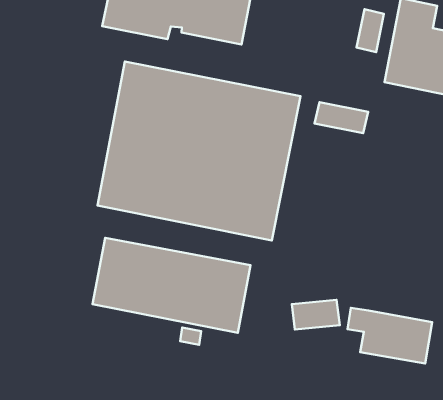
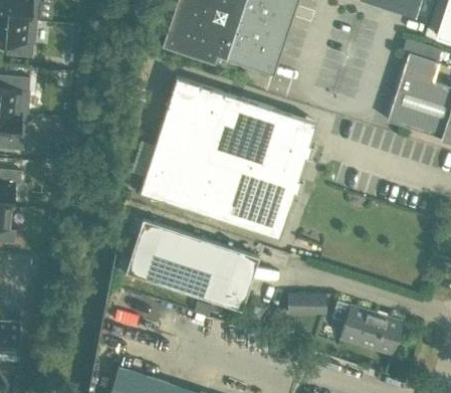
building: [357,9,384,52] -> none
building: [315,102,368,133] -> none

